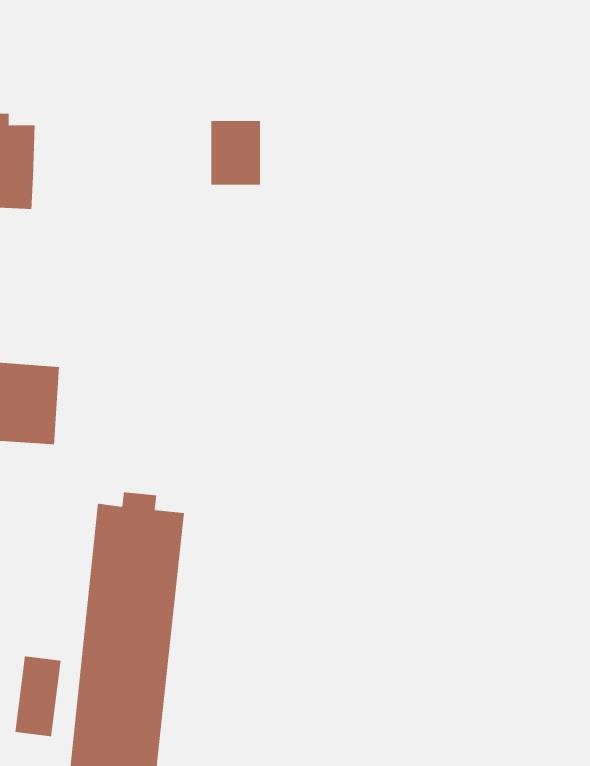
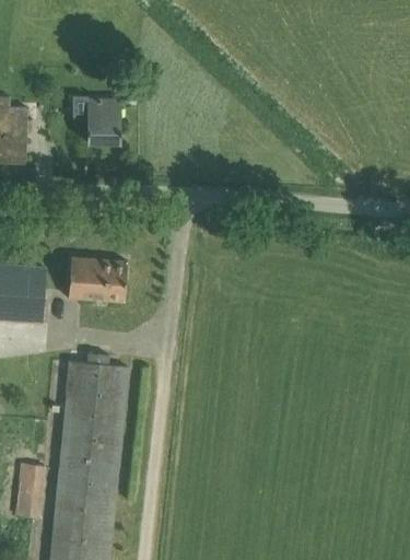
building: [211,120,261,185] -> [86,100,120,143]
building: none -> [67,257,126,301]

